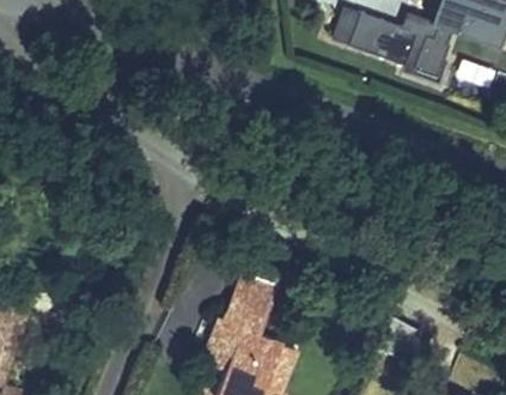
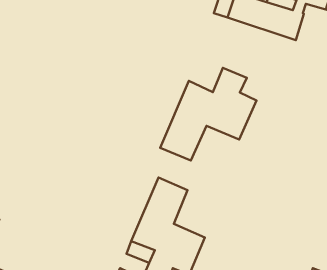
building: none -> [160,68,256,161]

